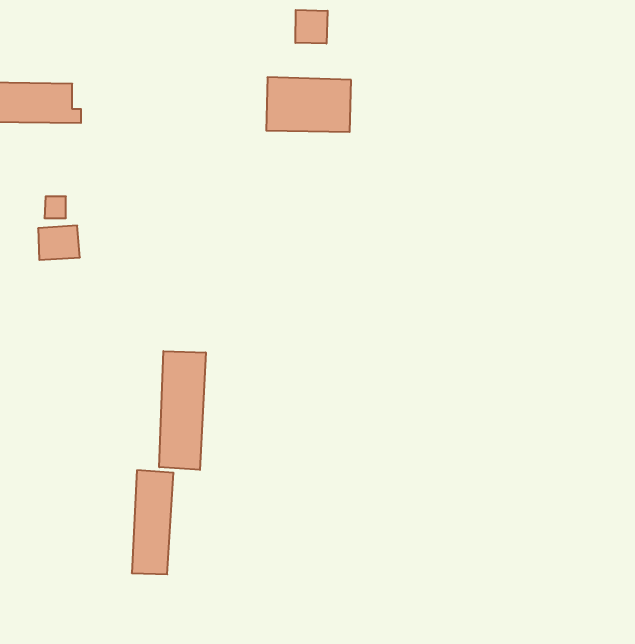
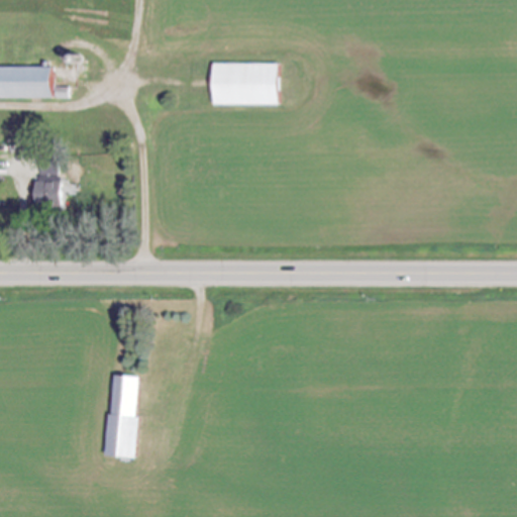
building: [295,10,328,44] -> none
building: [159,351,206,470] -> none

